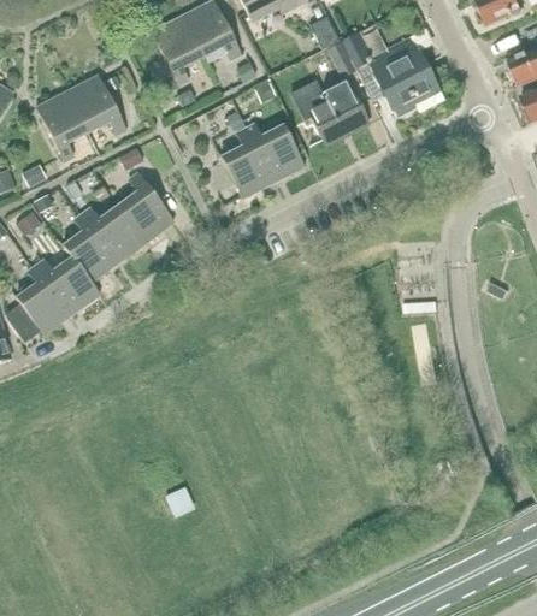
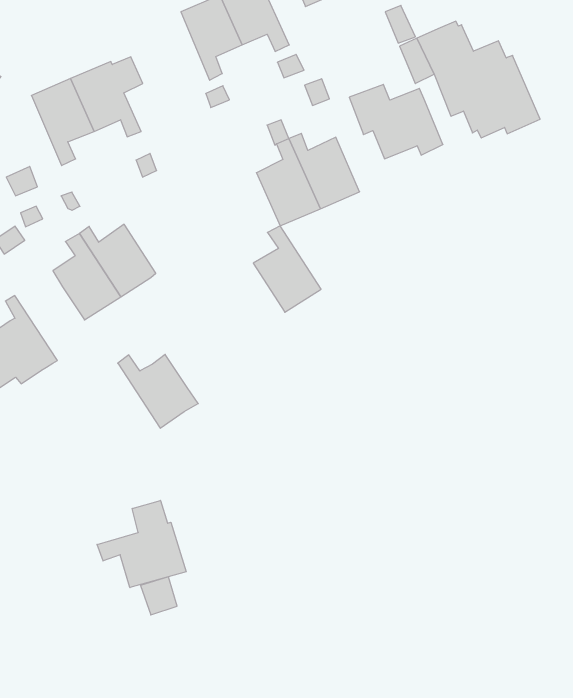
building: [118,172,173,241] -> [253,226,321,312]
building: [35,256,101,315] -> [118,354,198,428]
building: none -> [97,500,186,588]

